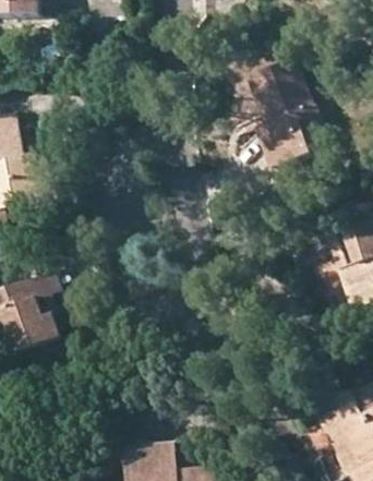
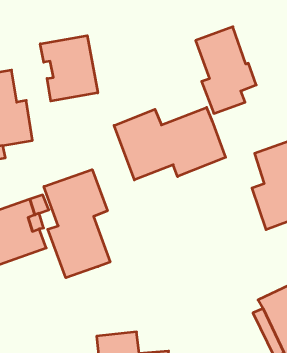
building: none -> [40,36,98,101]
building: none -> [114,107,226,180]
building: none -> [44,170,110,278]

